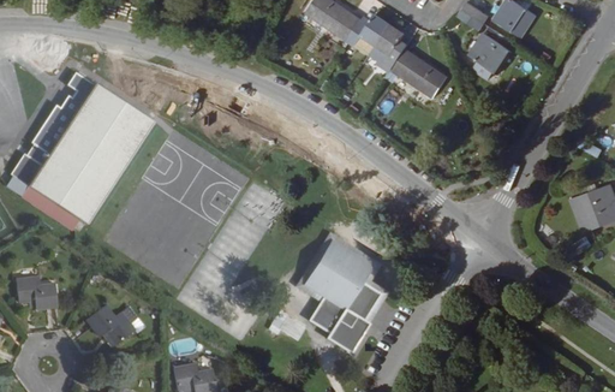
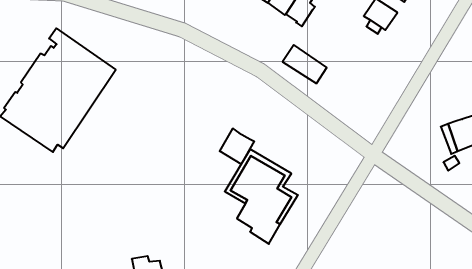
building: [390,48,447,97] -> [283,45,327,83]
building: none -> [220,128,254,164]
building: [13,277,55,309] -> none
building: [85,307,132,344] -> none

